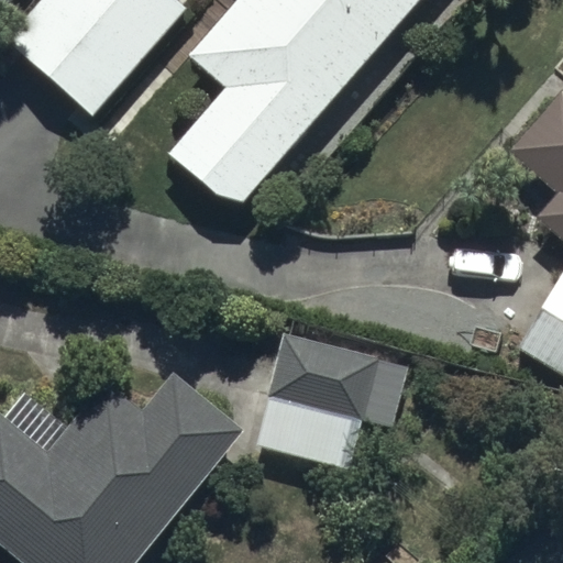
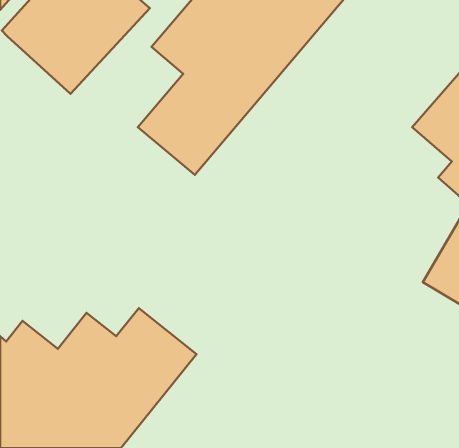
building: [256,331,410,468] -> none

